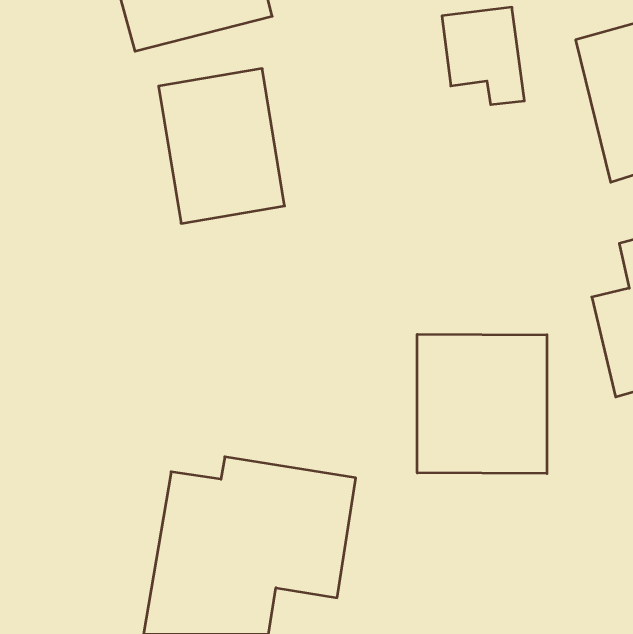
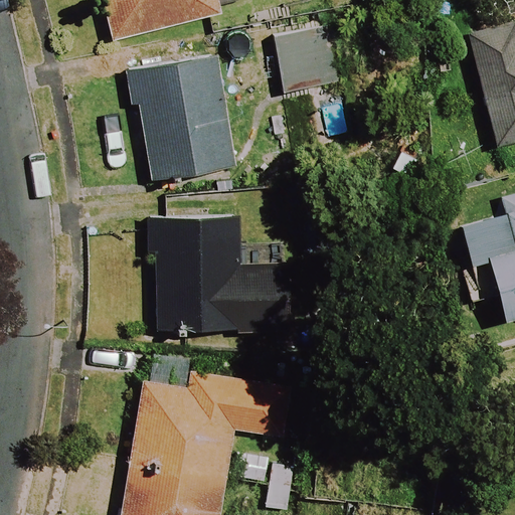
building: [442,7,524,105] -> [276,29,342,108]
building: none -> [155,217,288,331]
building: [417,334,547,474] -> none

